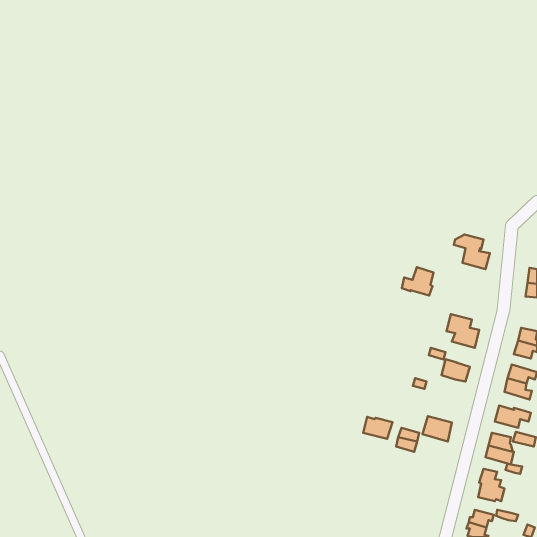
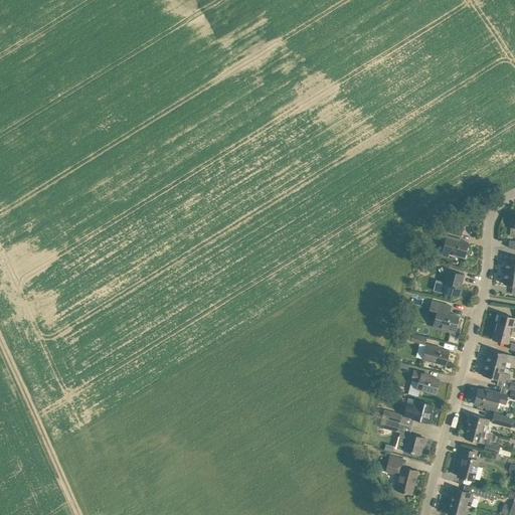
building: [402,267,433,295] -> [434,270,464,297]
building: none -> [411,370,439,393]
building: [363,417,392,439] -> [396,433,424,454]
building: none -> [386,456,417,493]

